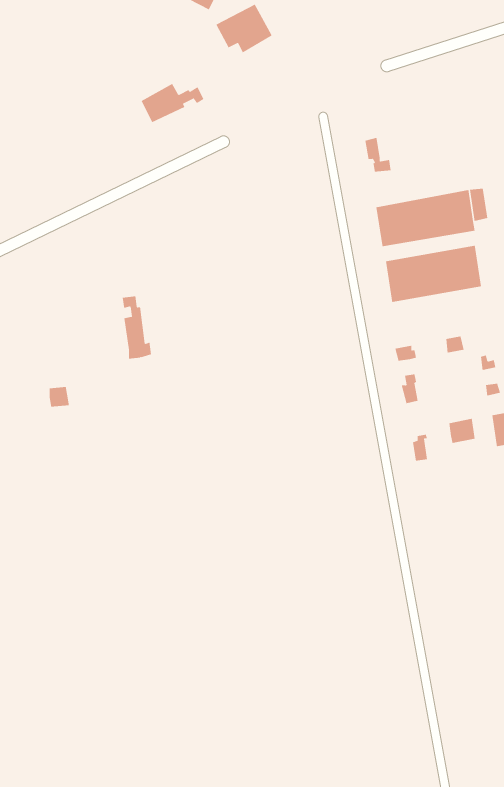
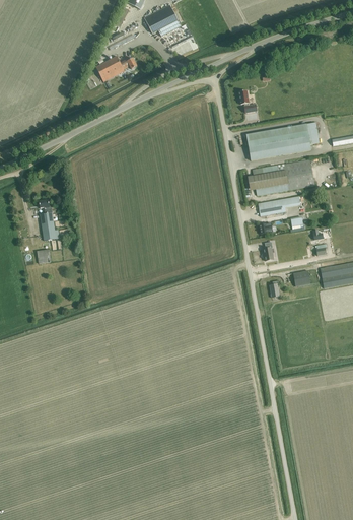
building: [122,296,152,359] -> [40,200,59,241]
building: none -> [259,197,297,217]

